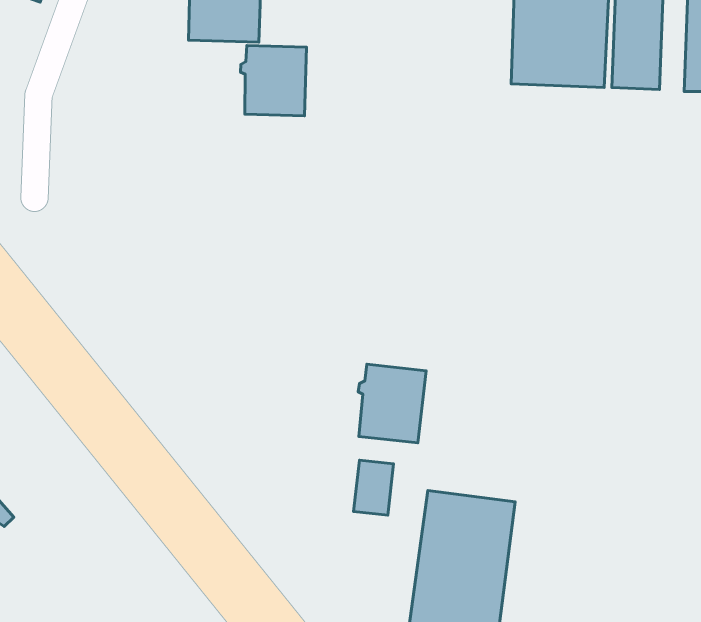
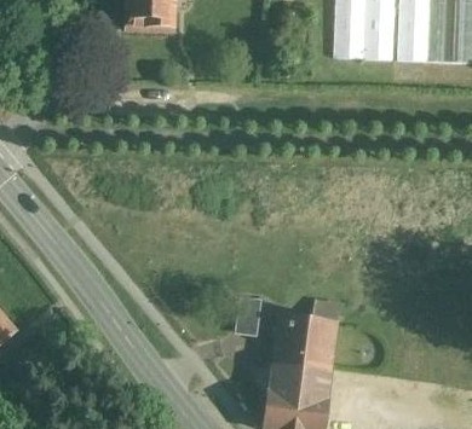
building: [241,45,306,116] -> none
building: [358,364,426,443] -> none

